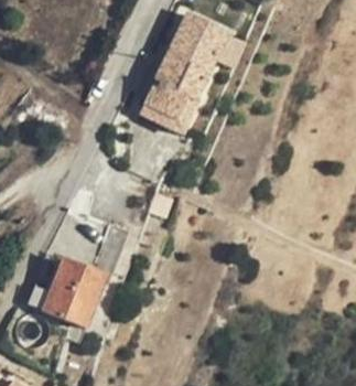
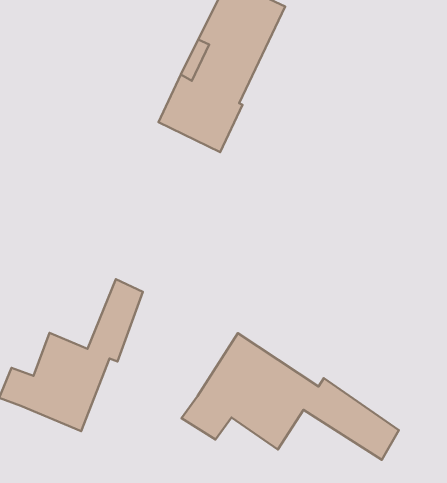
building: none -> [182,333,399,460]

